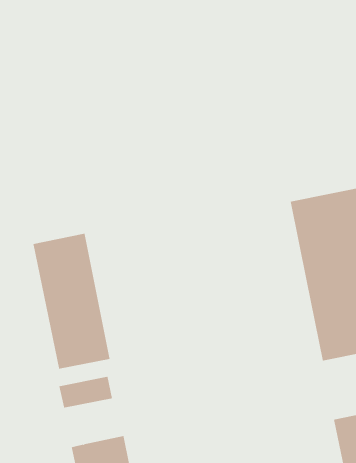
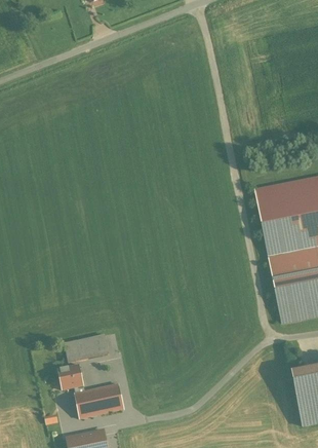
building: [33,233,110,370] -> none
building: none -> [57,364,83,388]

